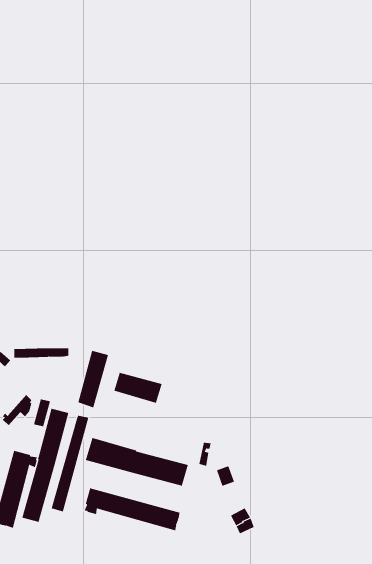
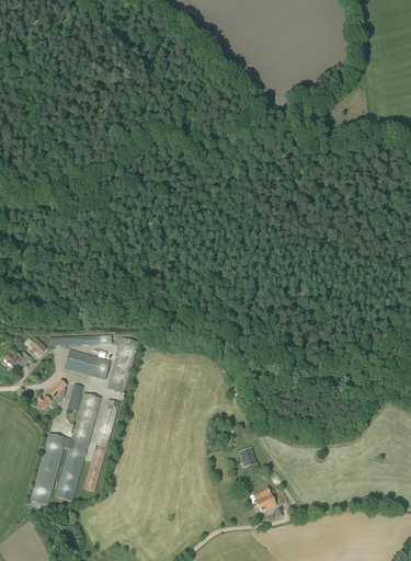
building: [113,372,162,403] -> [65,350,111,379]
building: [85,437,188,486] -> none
building: [84,488,180,531] -> none

